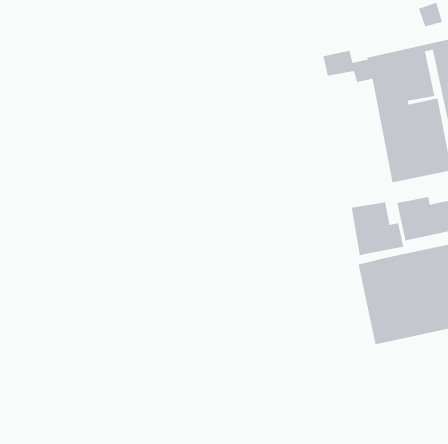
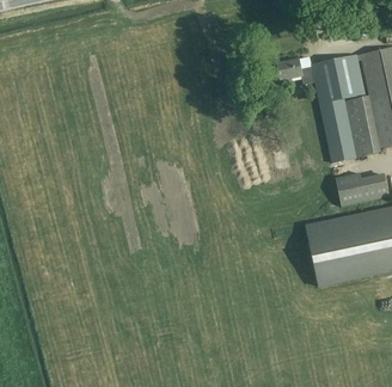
building: [351,202,404,256] -> none

